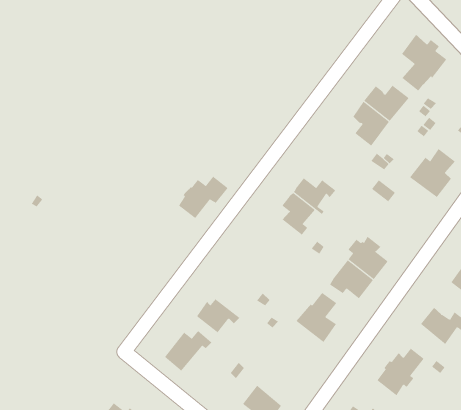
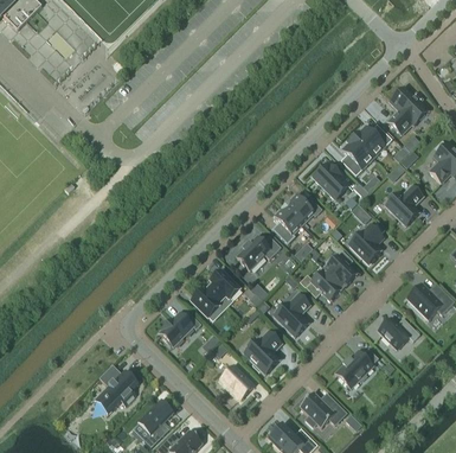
building: none -> [313,162,349,199]
building: [178,176,228,219] -> [237,235,281,269]
building: none -> [351,225,383,263]
building: none -> [208,269,239,306]
building: none -> [244,330,281,374]

